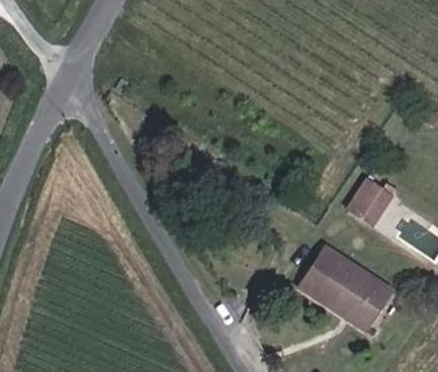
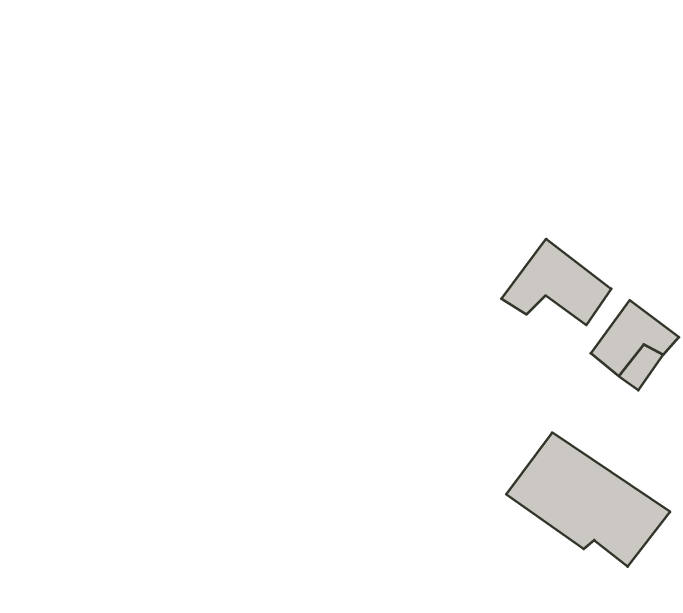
building: none -> [501,239,611,325]

